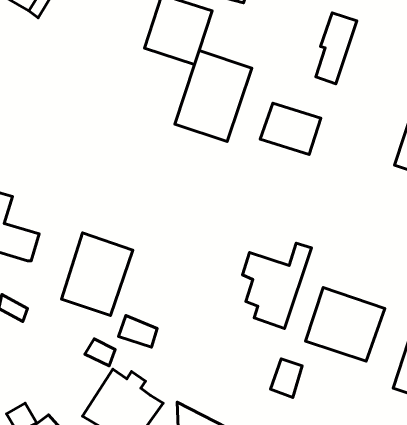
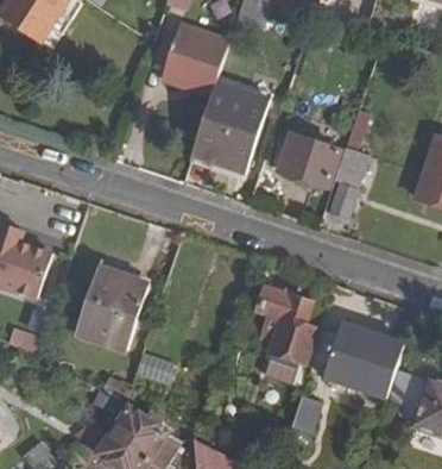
building: [316,13,357,84] -> [327,146,368,219]

